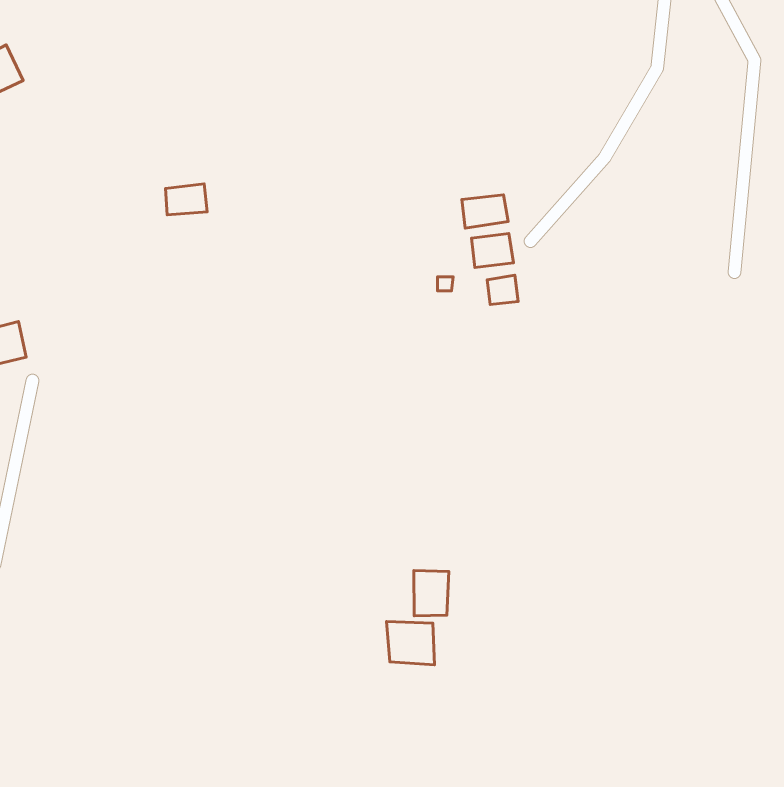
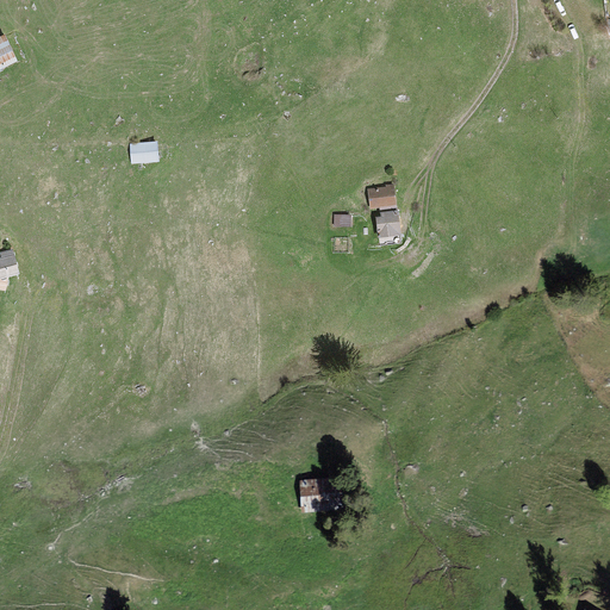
building: [462,195,508,228] -> none
building: [414,570,449,616] -> none

